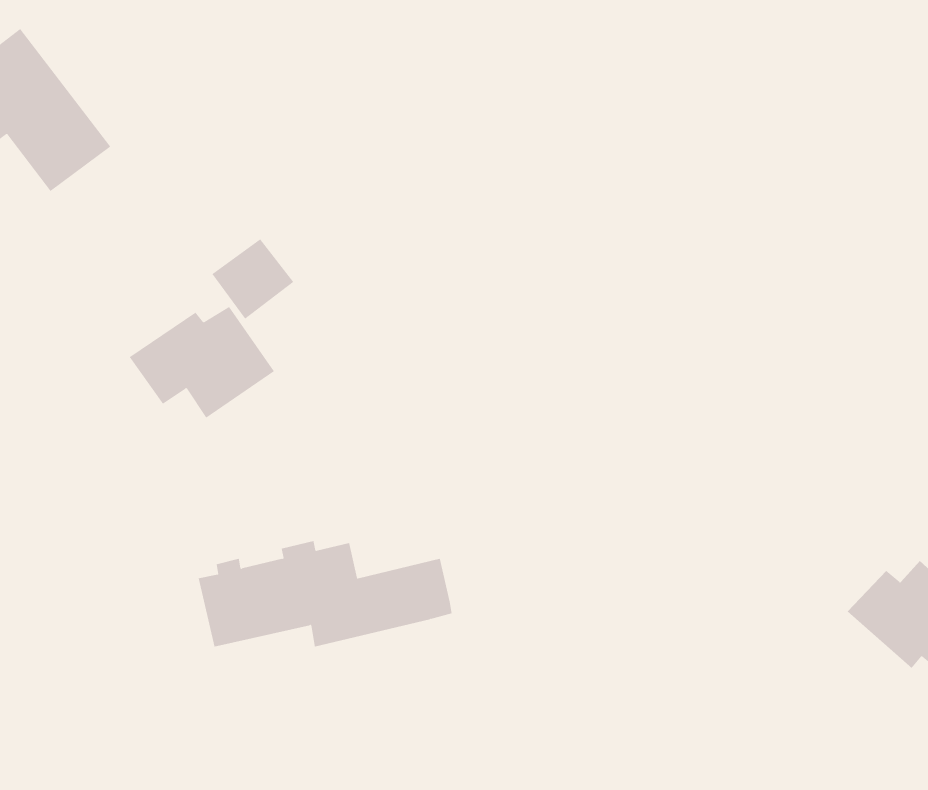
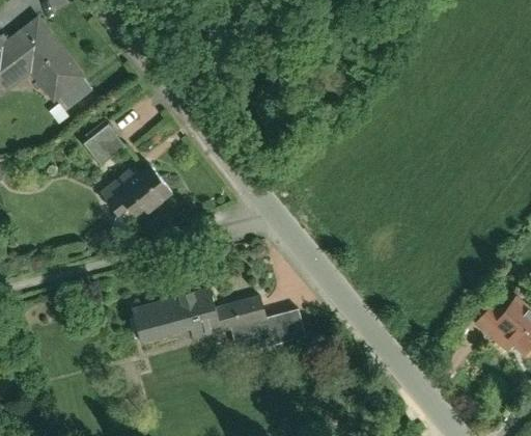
building: [211,239,294,319] -> [82,126,125,168]
building: none -> [255,311,305,350]

